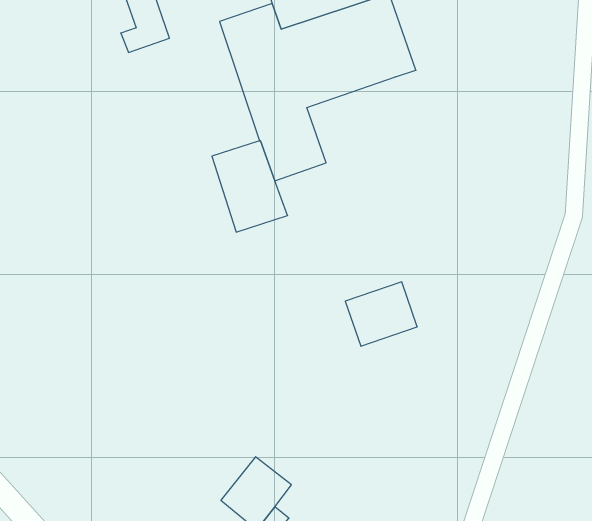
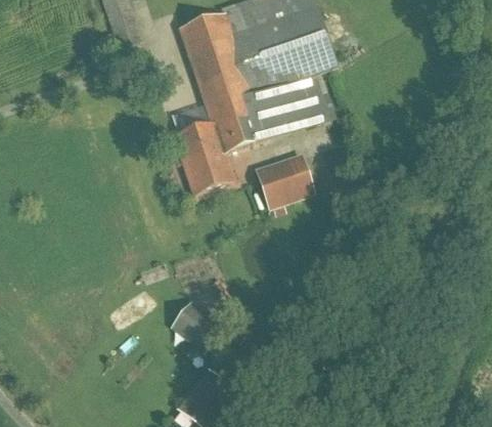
building: none -> [250,70,336,138]
building: [345,282,417,346] -> [256,155,313,206]
building: none -> [171,300,222,349]

